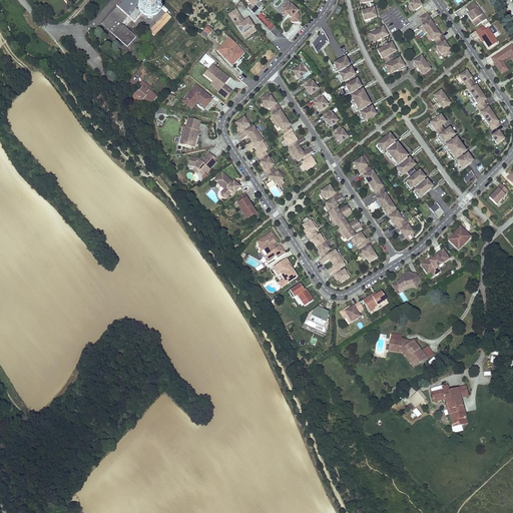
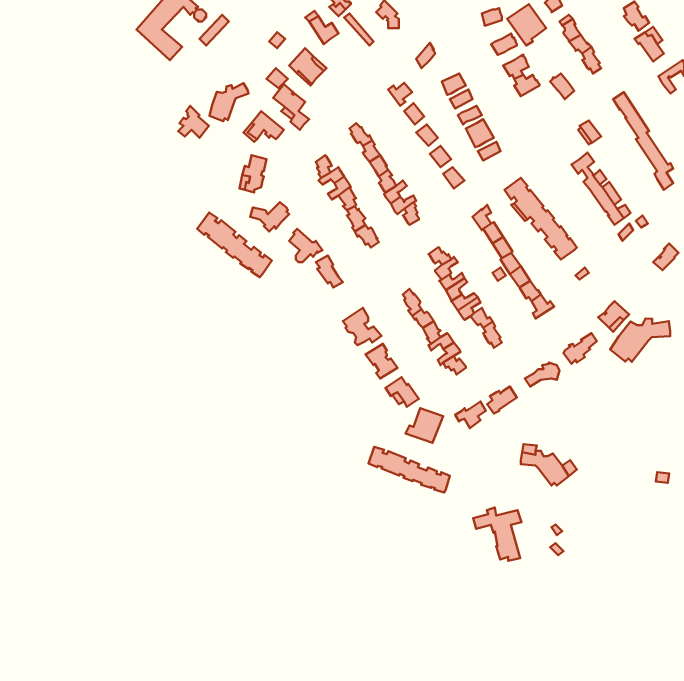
building: none -> [210,83,249,121]
building: none -> [197,212,272,277]
building: none -> [610,319,670,362]
building: none -> [368,447,450,493]
building: [432,383,468,423] -> [473,507,522,561]

